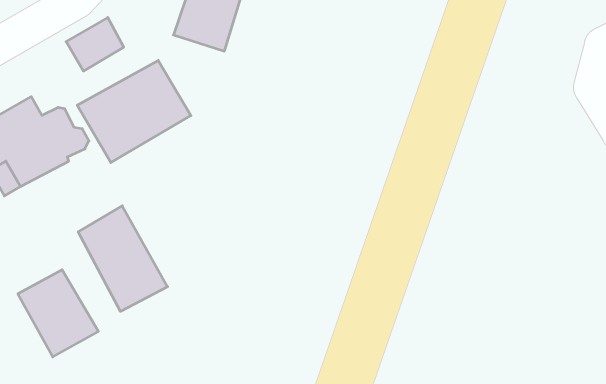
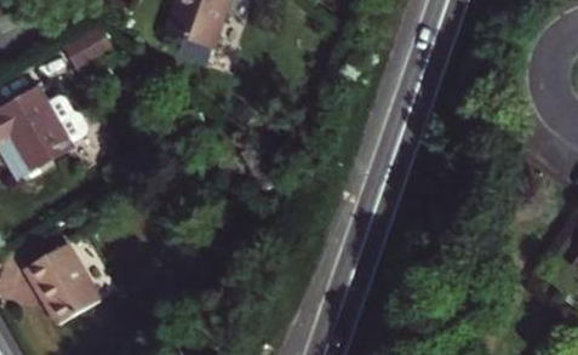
building: [77,60,191,163] -> none
building: [78,206,168,311] -> none

